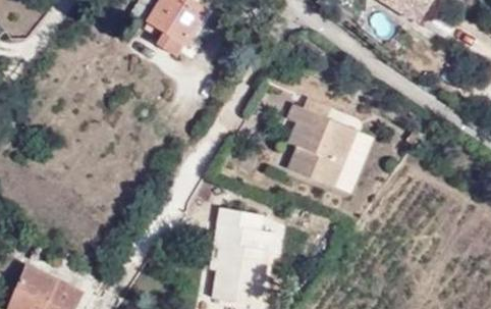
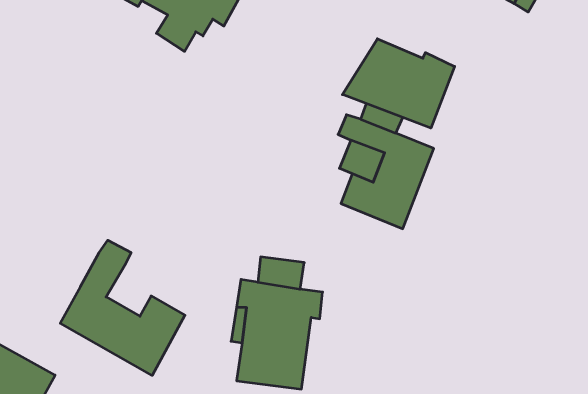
building: none -> [342,39,455,128]
building: none -> [60,240,185,375]

